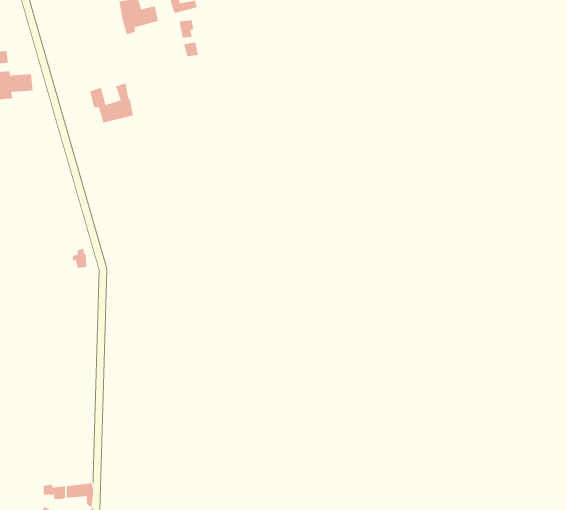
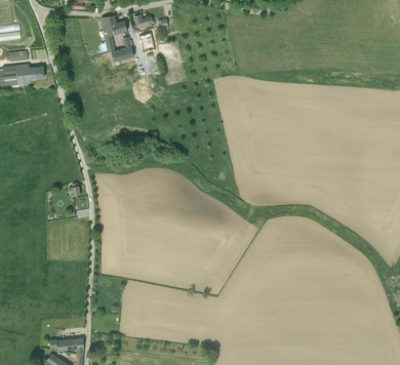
building: [89,83,134,123] -> [105,36,134,63]

